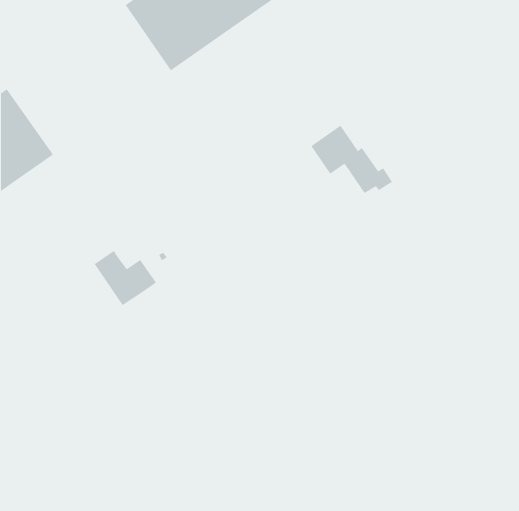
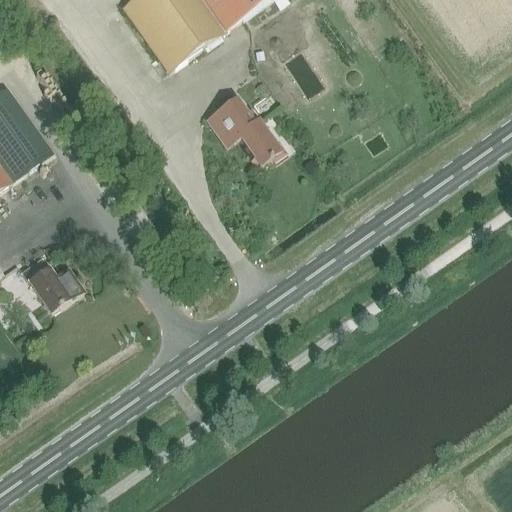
building: [310,125,393,194] -> [207,96,288,164]
building: [94,250,157,306] -> [22,257,84,312]

